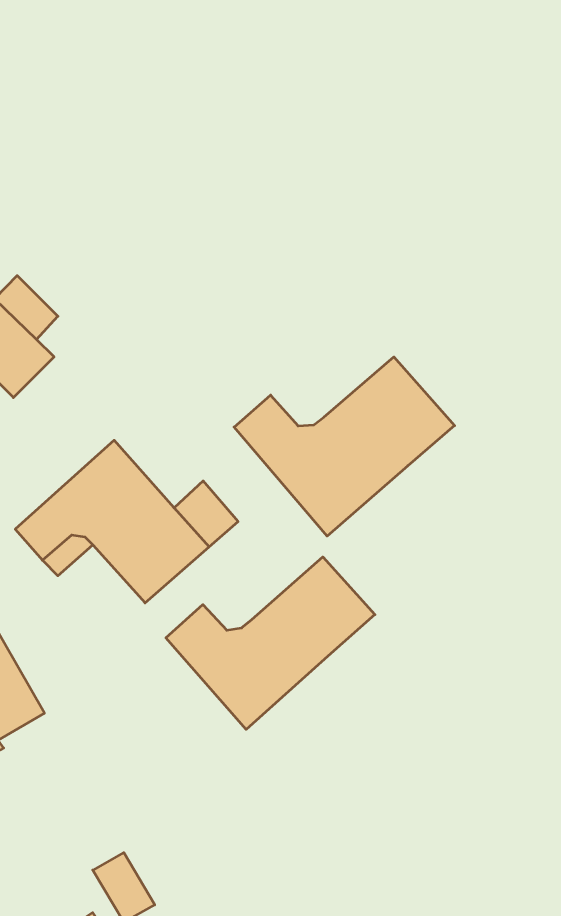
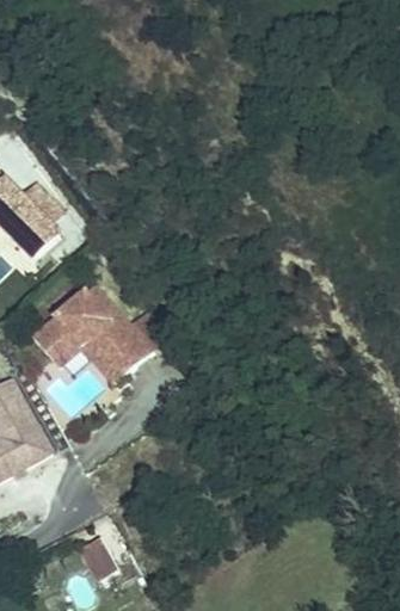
building: [234,357,455,536] -> none
building: [166,557,375,729] -> none

